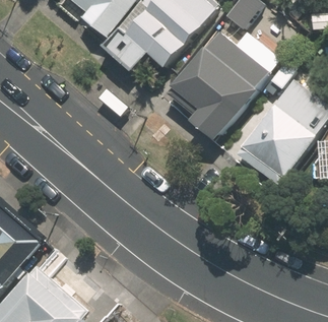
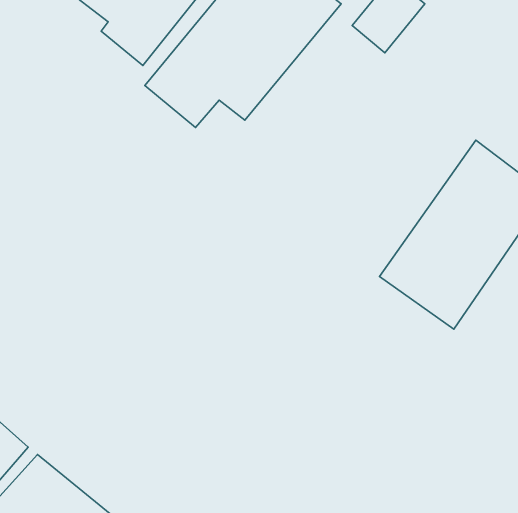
building: [173,30,281,141] -> none

